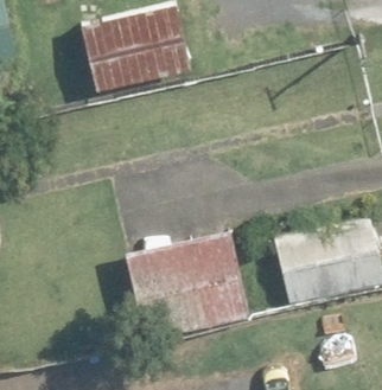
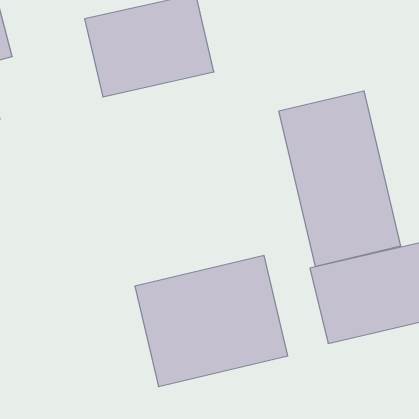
building: none -> [279,91,401,266]

